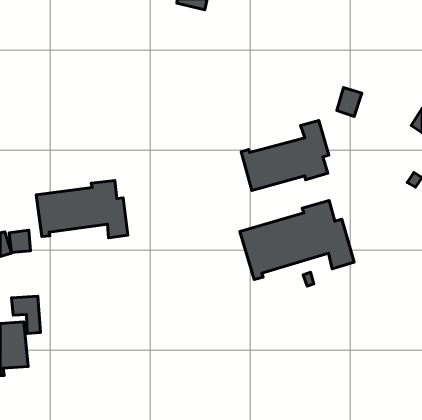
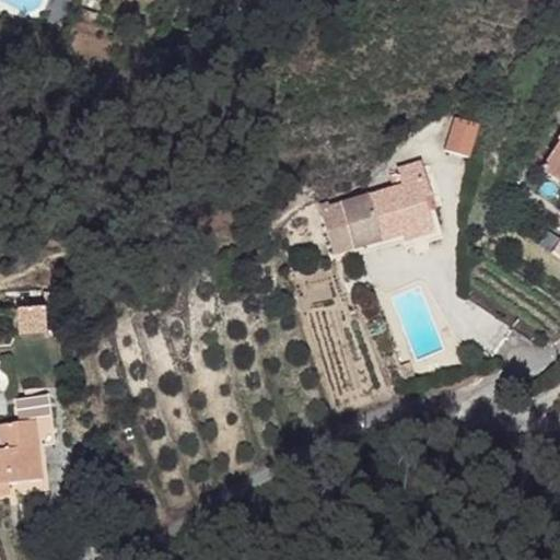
building: [36,181,128,238] -> none
building: [240,201,354,279] -> none

